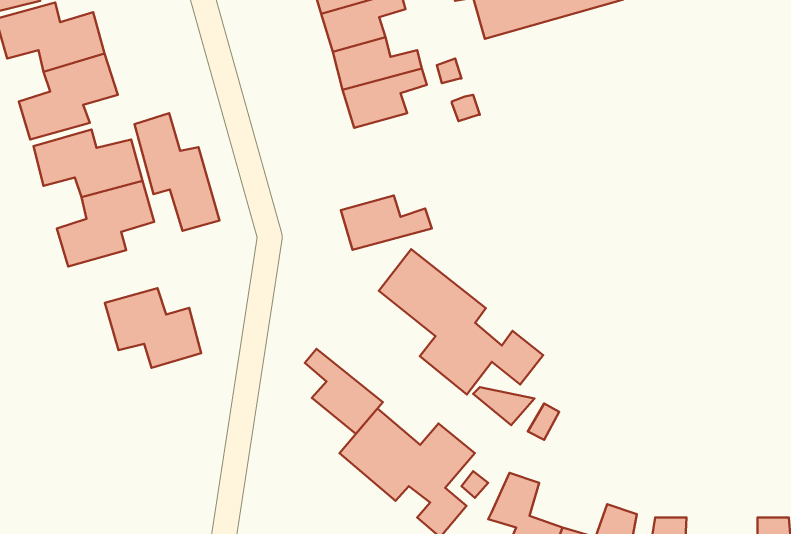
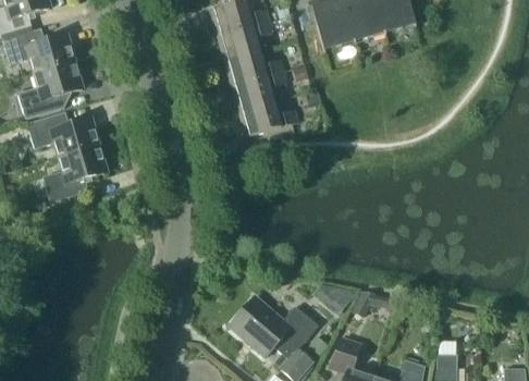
building: [134,113,220,231] -> none
building: [341,195,432,250] -> [238,100,298,136]
building: [379,249,543,395] -> none
building: [105,288,201,368] -> none
building: [305,349,383,434] -> none

